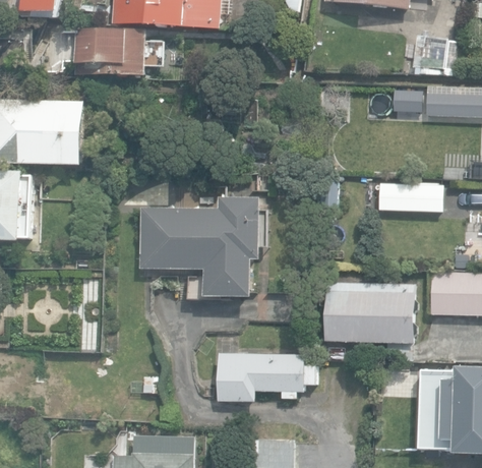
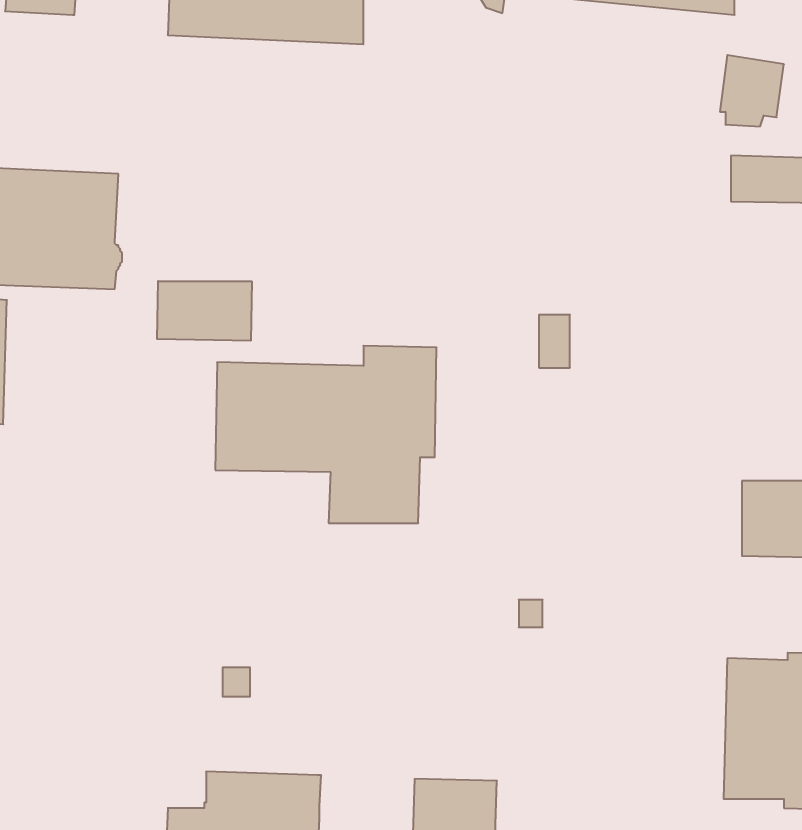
building: [75,28,147,76] -> none
building: none -> [157,281,252,341]
building: [378,181,442,212] -> none
building: [323,282,413,360] -> none
building: [218,351,317,401] -> none

